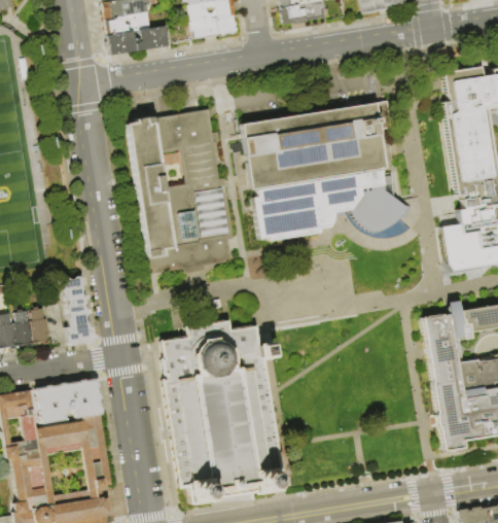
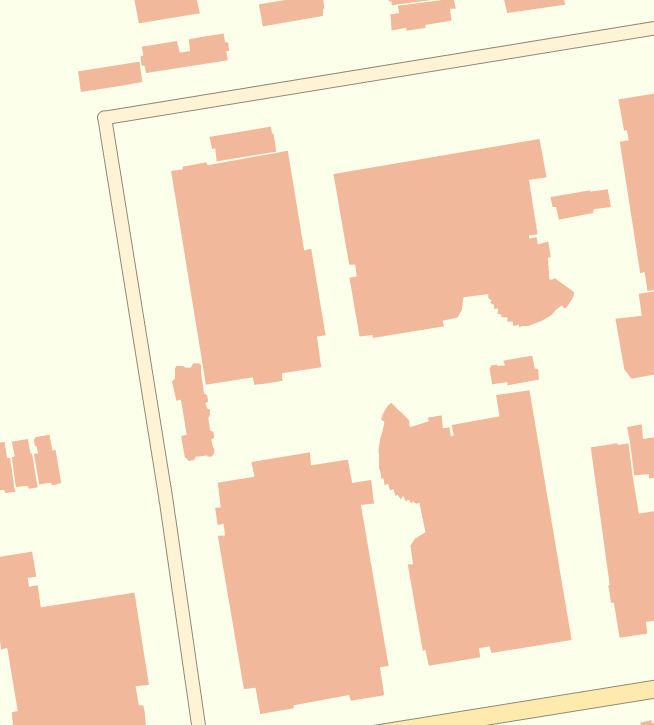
building: [104,11,150,34] -> [77,61,143,93]
building: [189,13,238,39] -> [209,126,277,162]
building: none -> [550,188,612,220]
building: none -> [488,355,540,386]
building: [59,275,90,345] -> [171,362,215,462]
building: none -> [378,389,573,667]
building: [35,378,103,423] -> none

